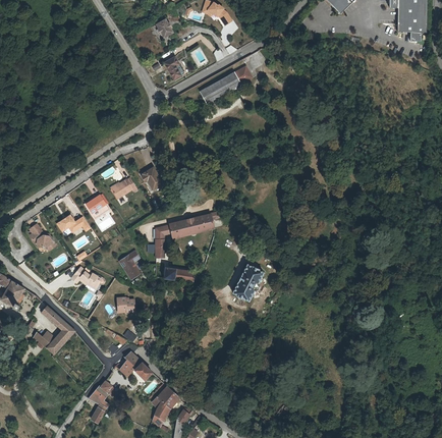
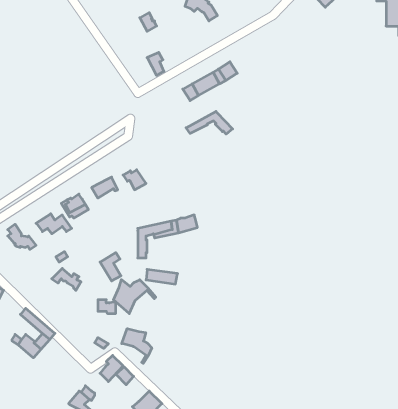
building: none -> [186,111,233,134]
building: [232,264,264,302] -> none
building: none -> [113,280,156,314]
building: none -> [122,329,152,363]

